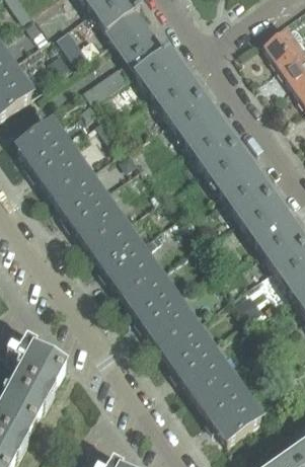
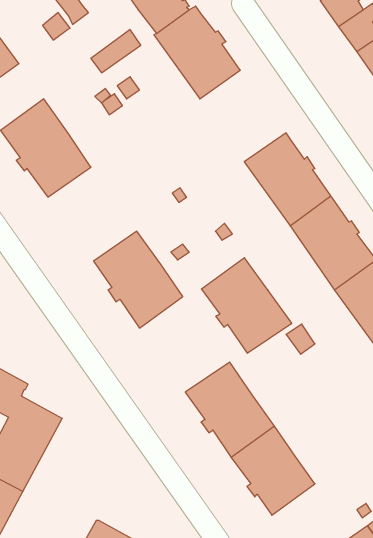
building: [170,93,237,164] -> none
building: [53,168,122,241] -> none
building: [124,268,194,342] -> [201,258,292,353]

